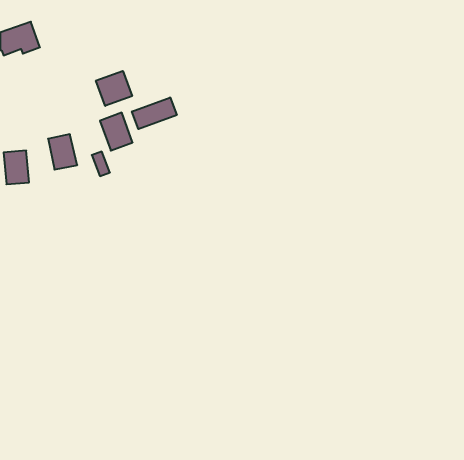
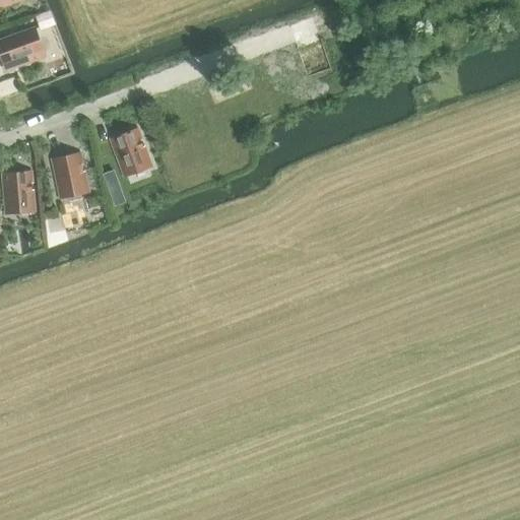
building: [96,71,132,106] -> none
building: [132,97,177,129] -> none

